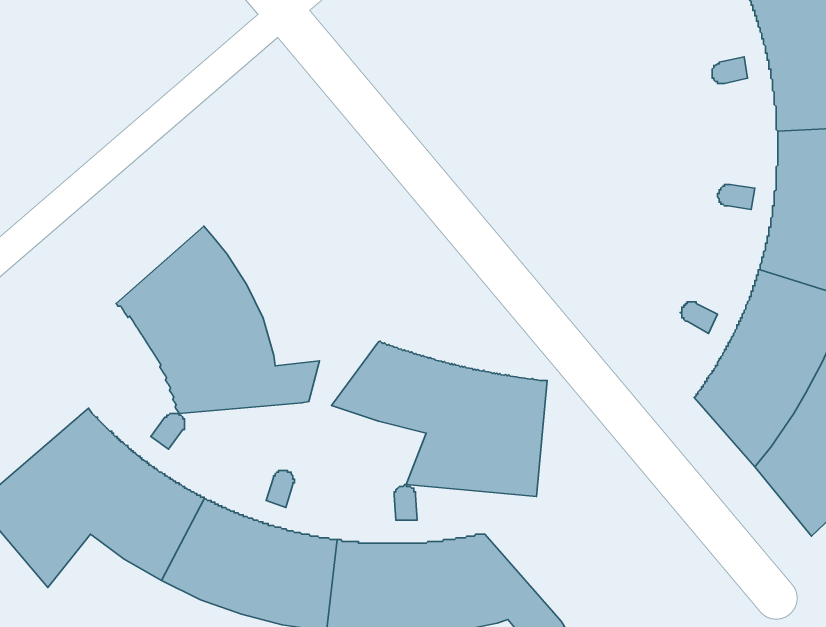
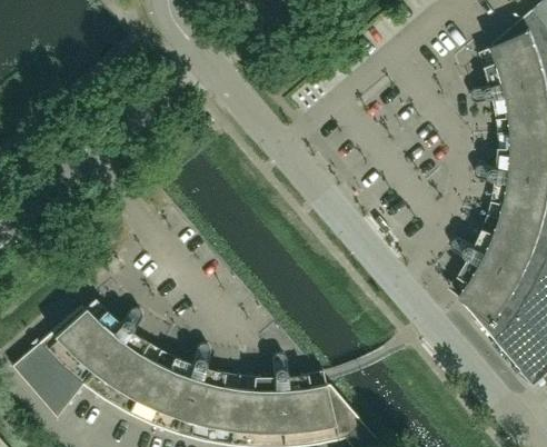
building: [116,226,320,414] -> none
building: [331,341,547,496] -> none

